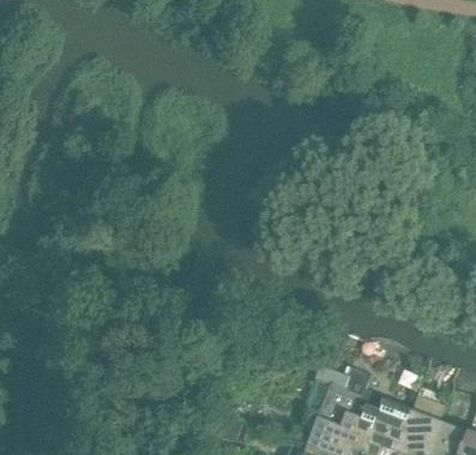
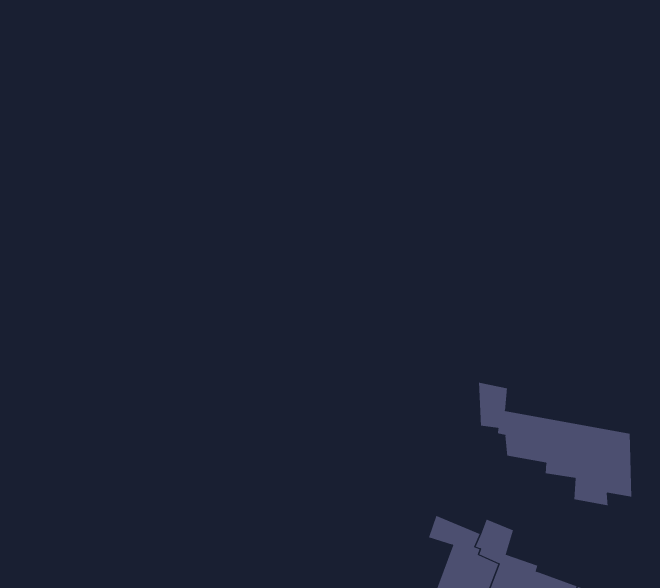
building: none -> [478,382,632,506]

